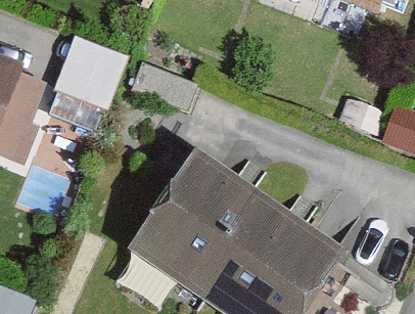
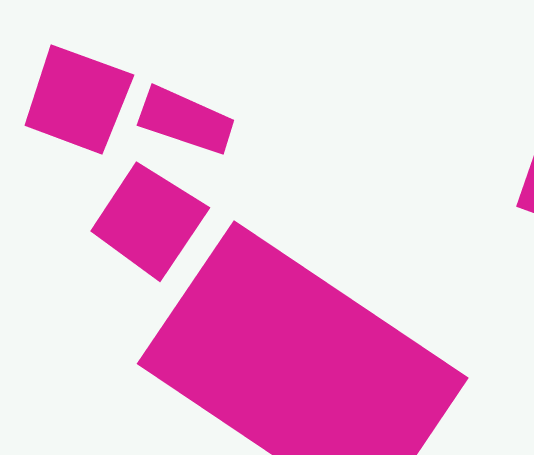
building: none -> [89,160,211,283]

